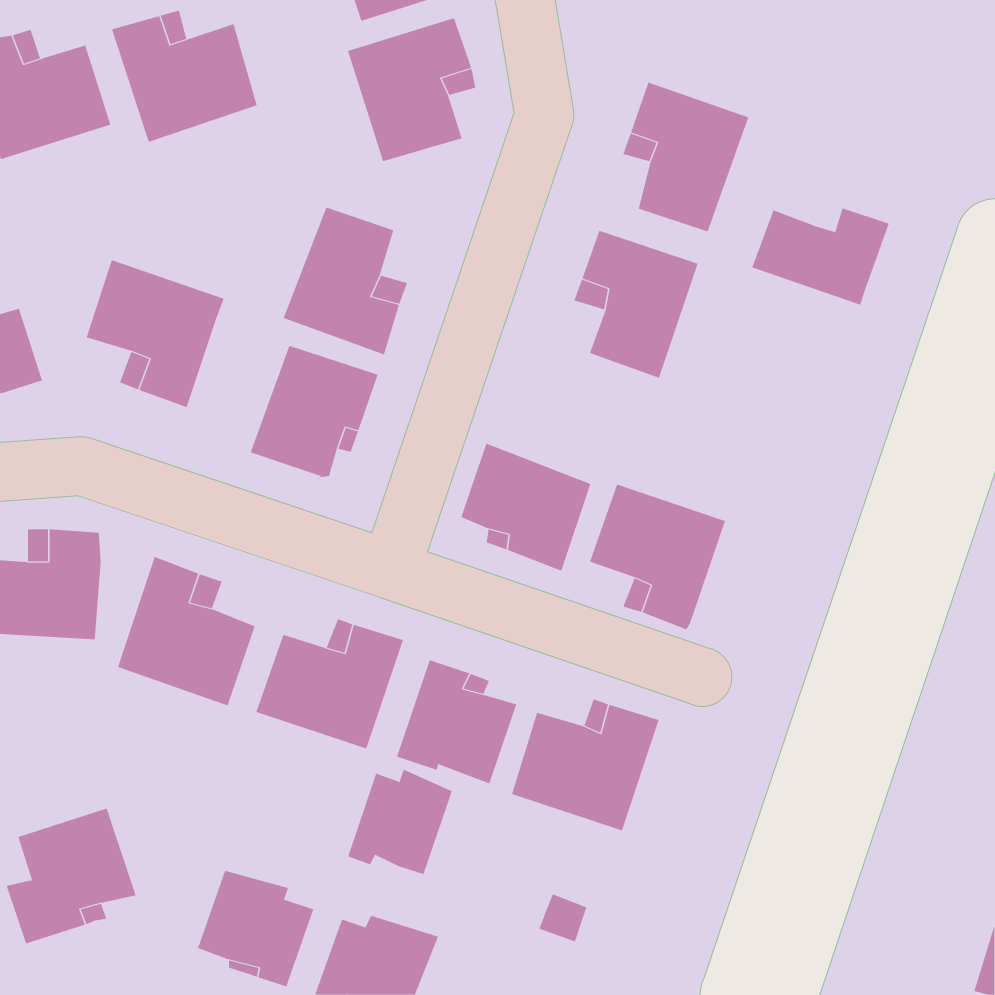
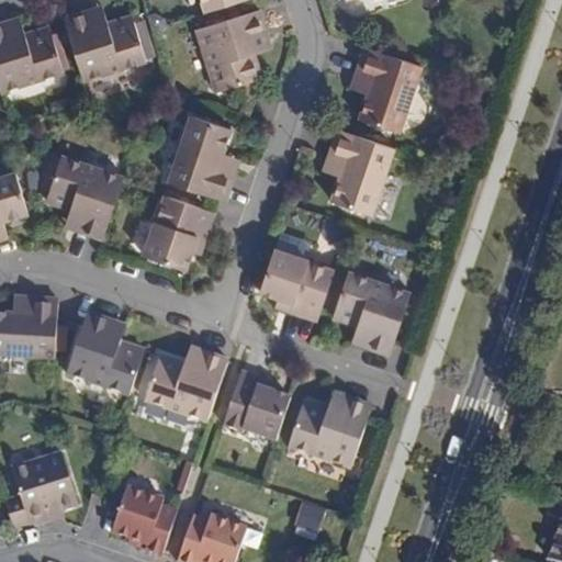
building: [752,207,890,306] -> none
building: [347,769,453,875] -> none

